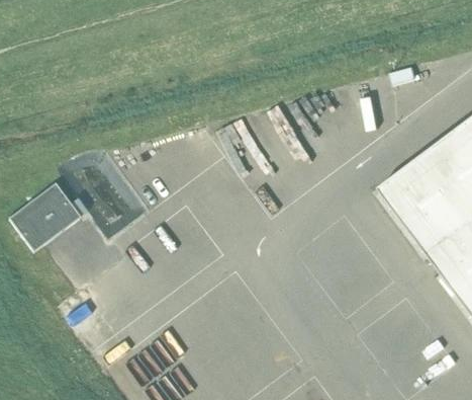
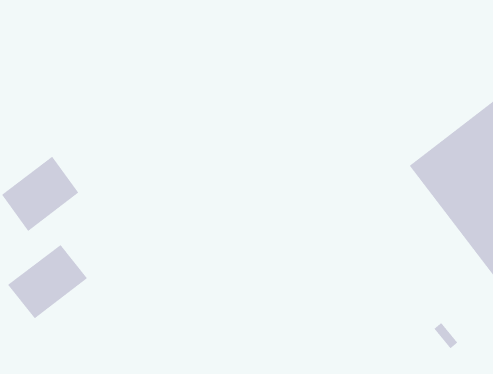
building: none -> [7,244,88,319]

